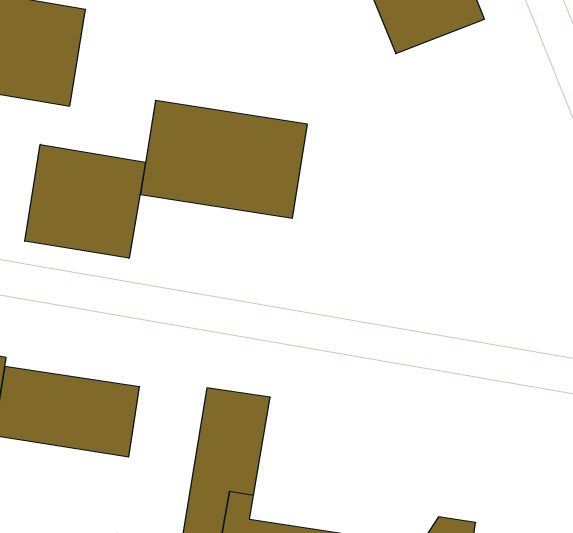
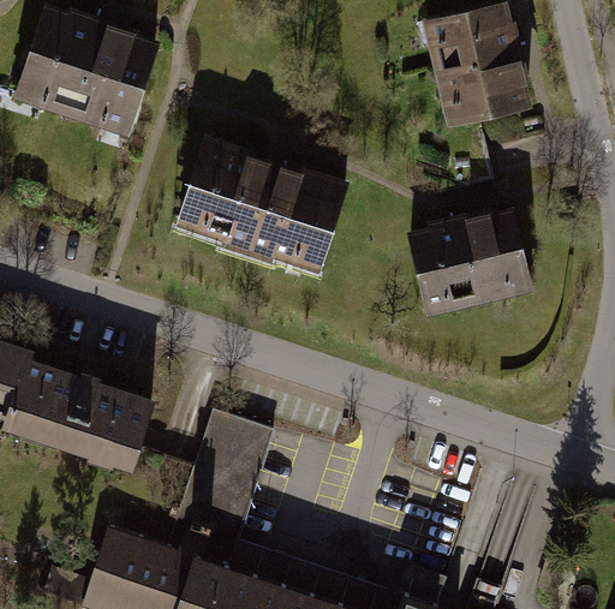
building: none -> [412,215,530,316]
building: [25,144,146,258] -> none

